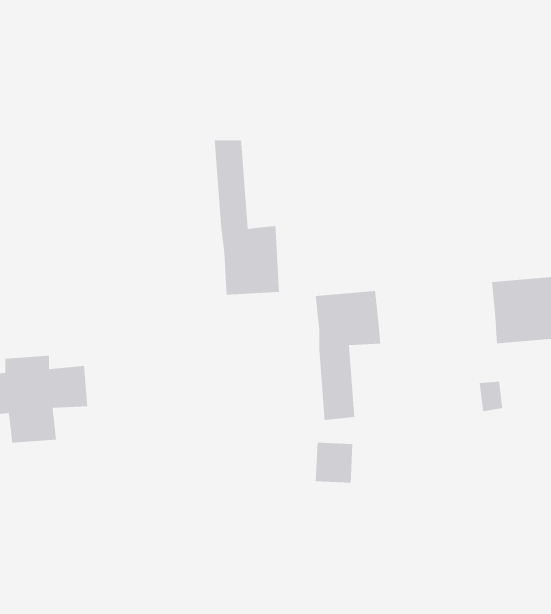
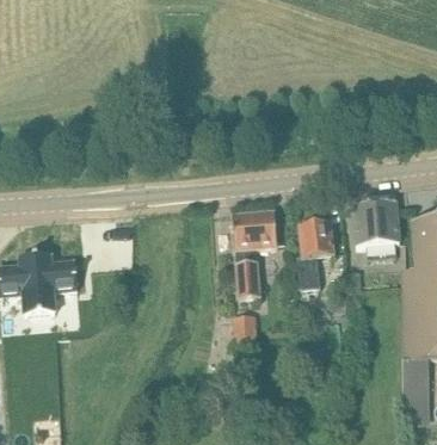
building: [214,139,280,296] -> none
building: none -> [300,221,336,290]

